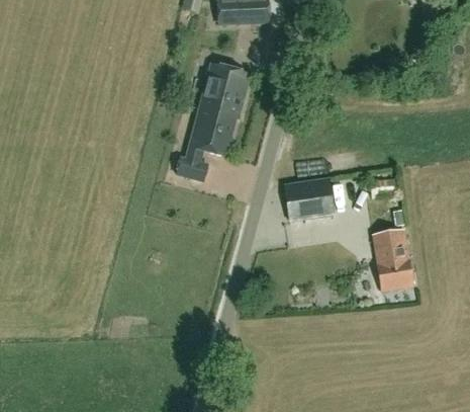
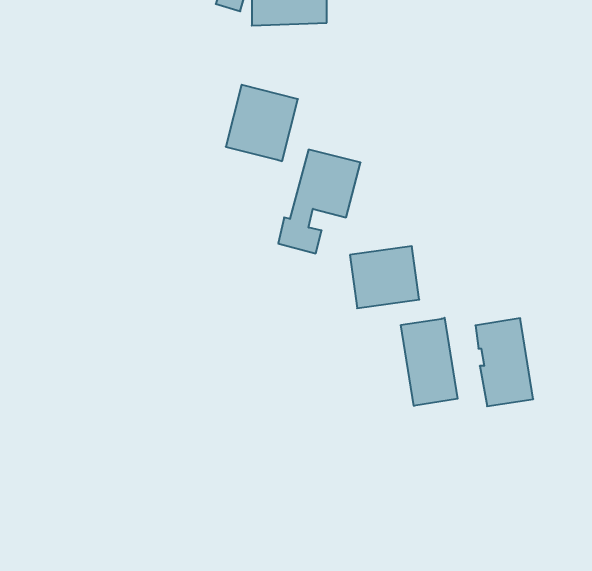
building: [177,107,234,180] -> [278,150,361,253]
building: none -> [401,318,458,406]

